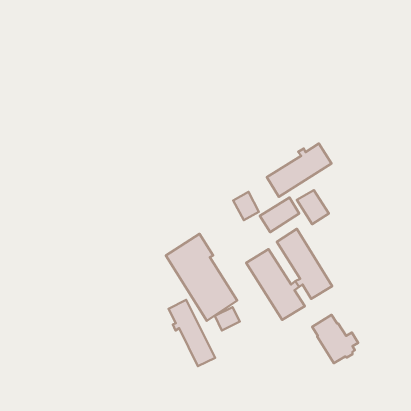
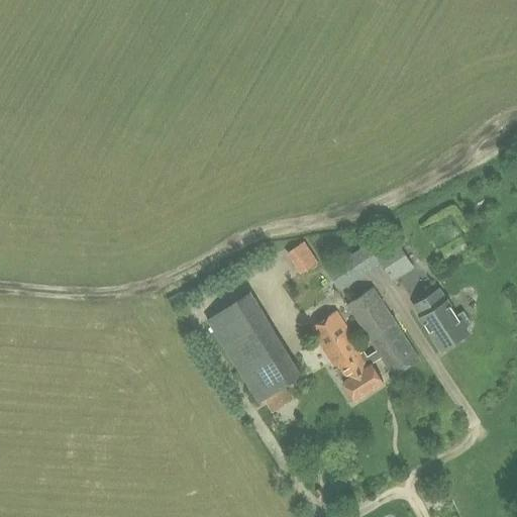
building: [267,144,331,197] -> none
building: [169,300,215,366] -> none
building: [312,315,358,363] -> [413,289,471,349]

